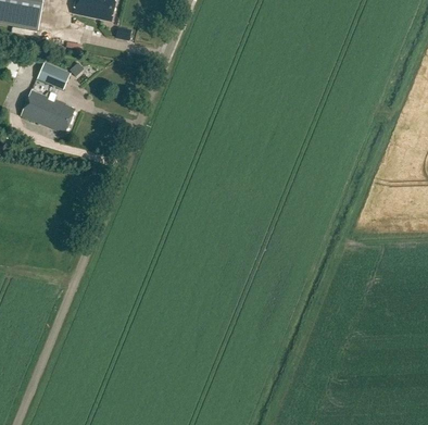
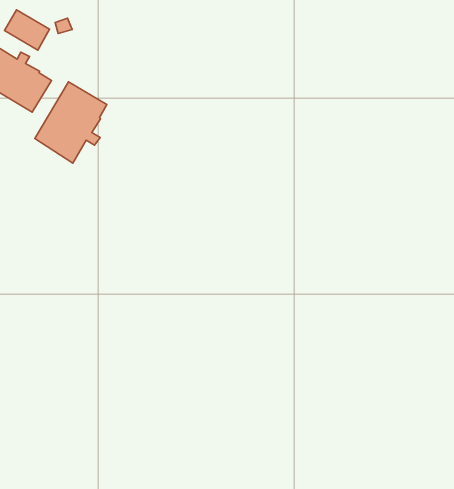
building: none -> [35,82,107,163]

